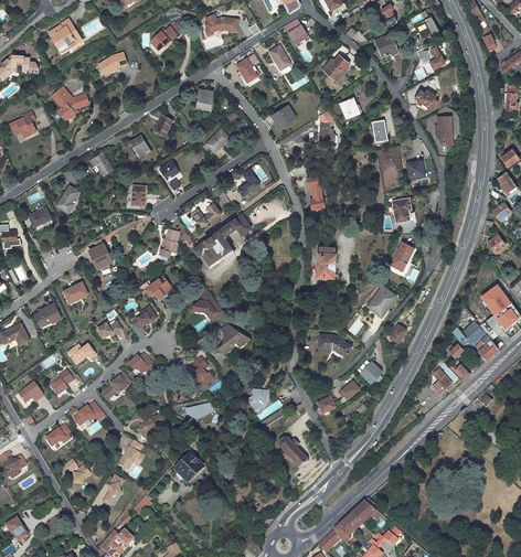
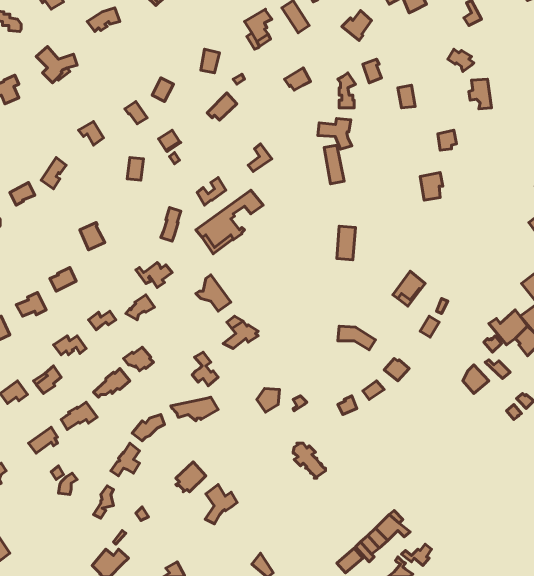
building: none -> [318,119,352,149]
building: [387,240,414,271] -> none
building: none -> [205,485,237,524]

